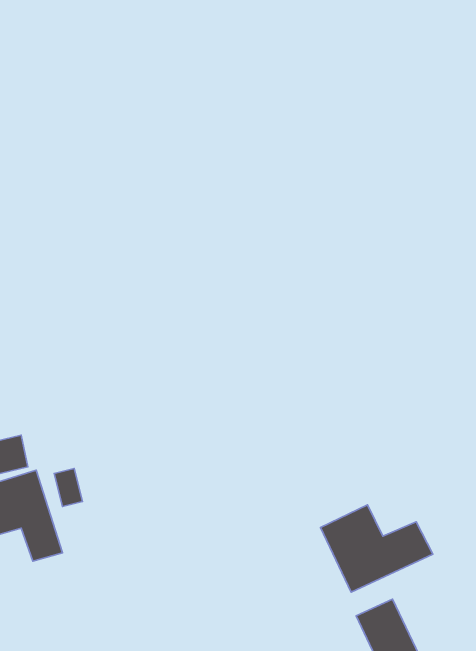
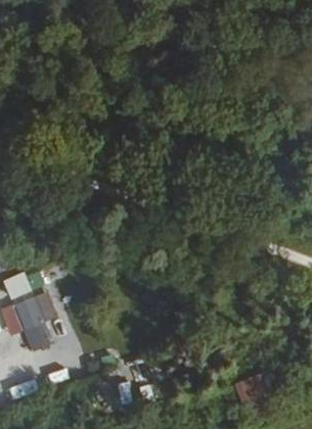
building: [321,505,433,592] -> none

